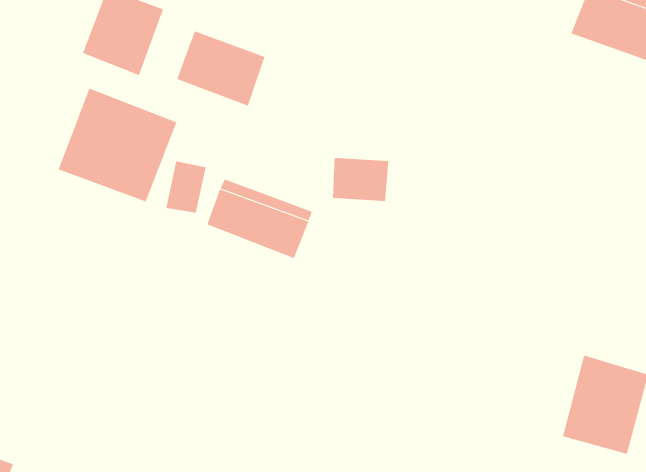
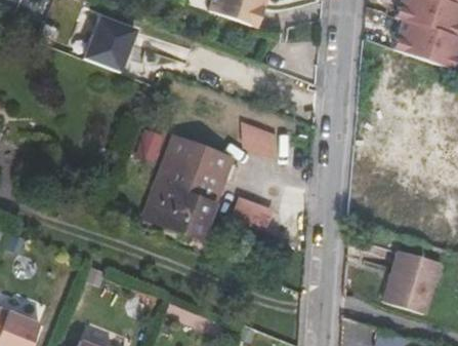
building: [176,30,265,107] -> none
building: [58,88,177,202] -> [144,166,219,238]
building: none -> [234,196,274,226]

